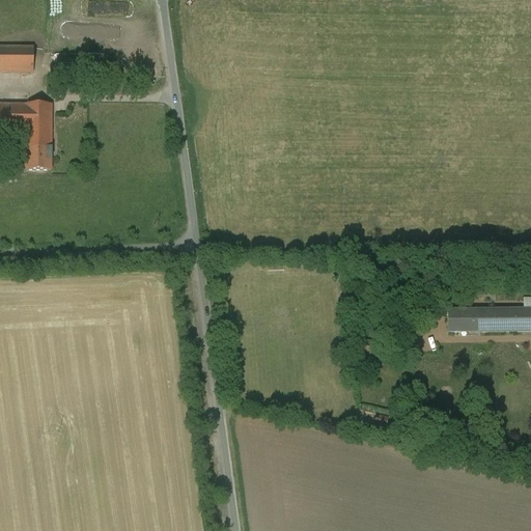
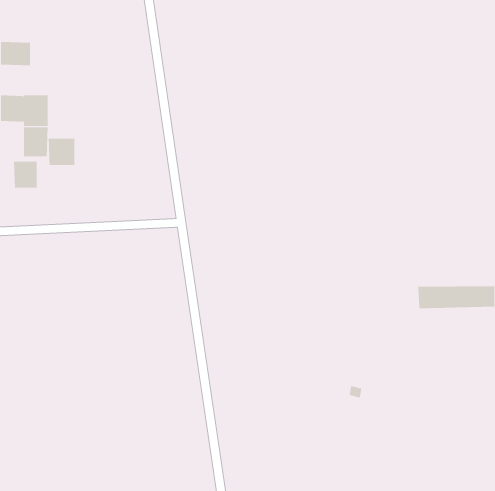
building: none -> [48,138,75,166]
building: none -> [14,161,37,189]

